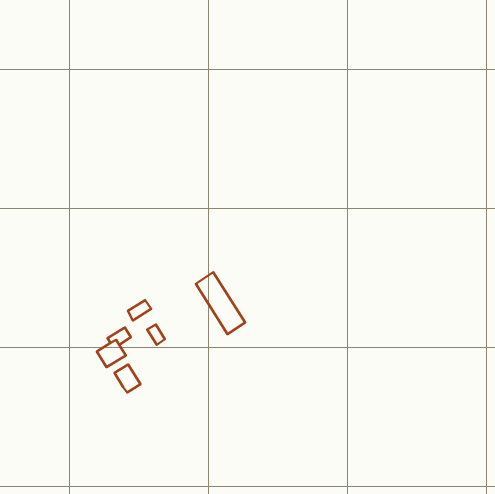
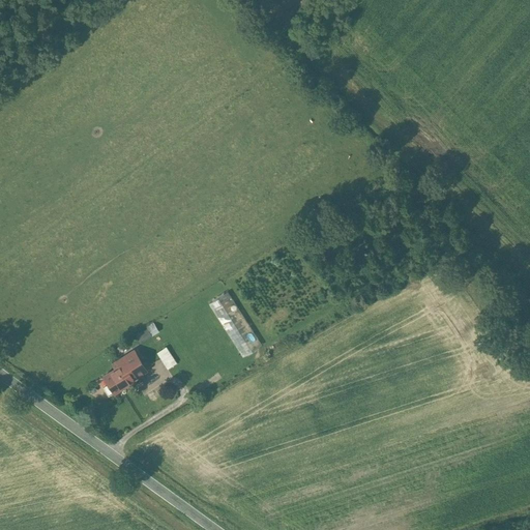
building: [115,365,141,392] -> none

